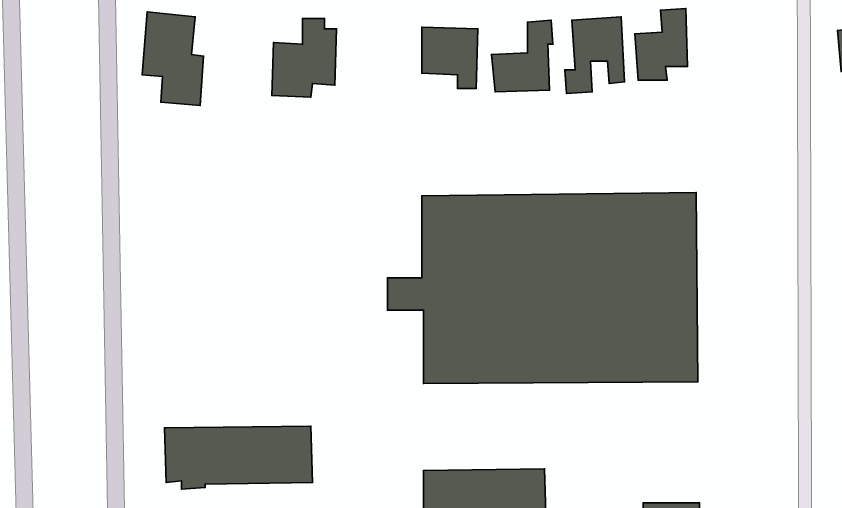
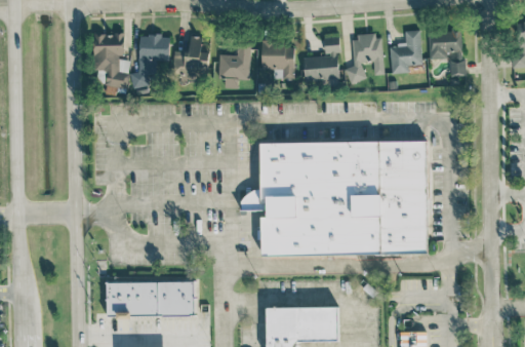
building: none -> [429,30,463,75]
building: none -> [131,35,169,86]
building: none -> [218,43,250,88]

